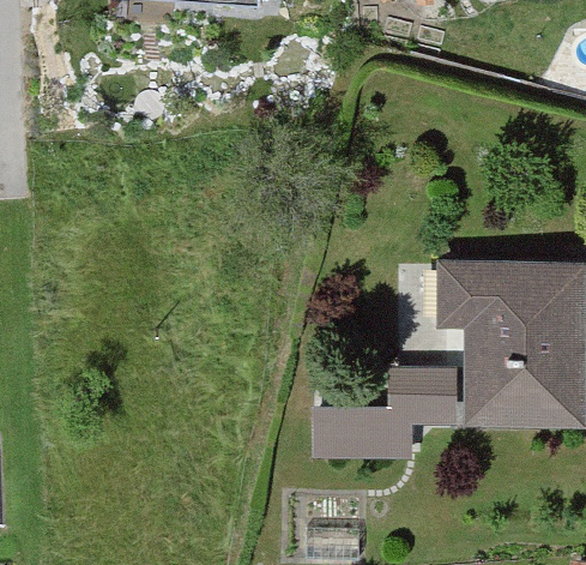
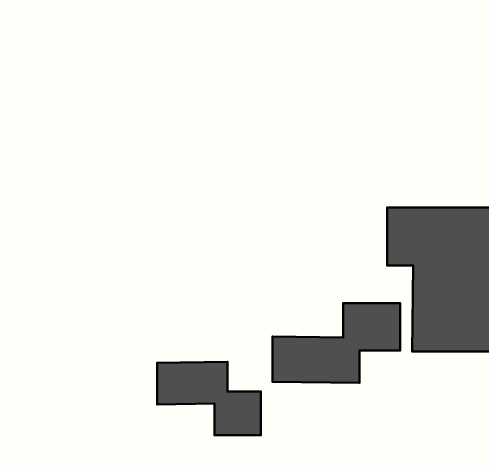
building: none -> [157,362,261,435]

